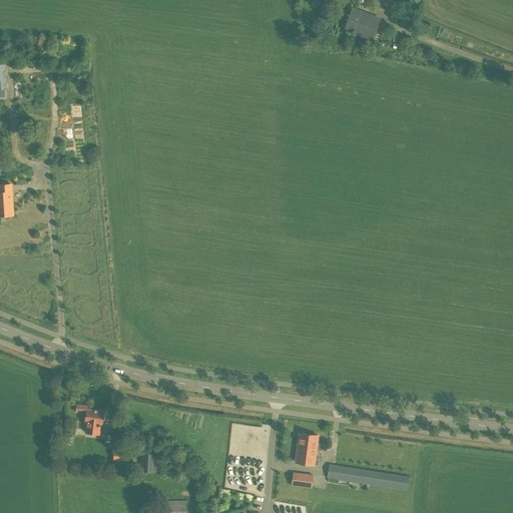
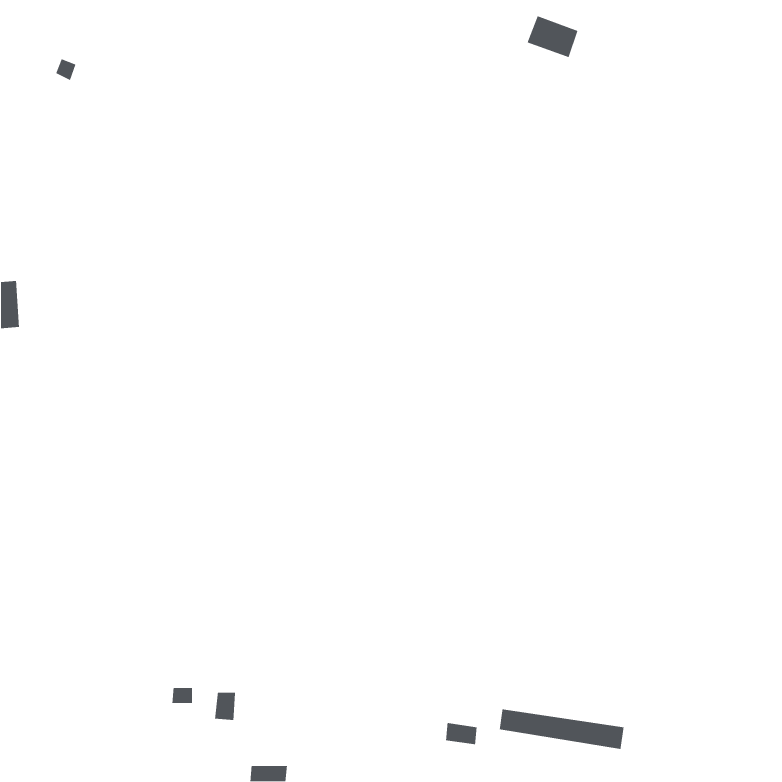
building: [75,404,103,434] -> none
building: [295,433,319,465] -> none

